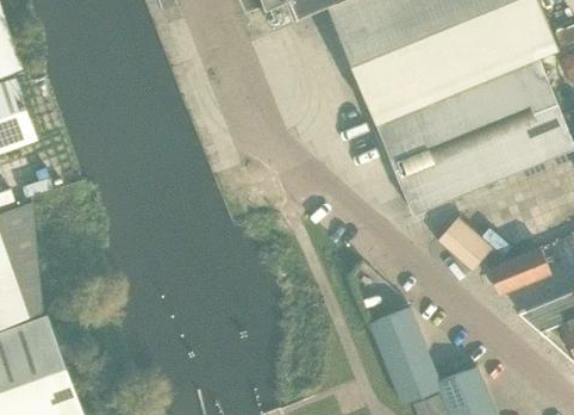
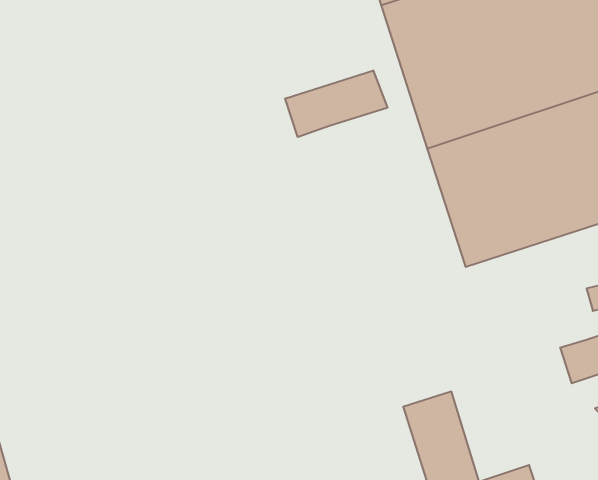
building: none -> [285,70,387,137]
building: [437,218,507,271] -> none

